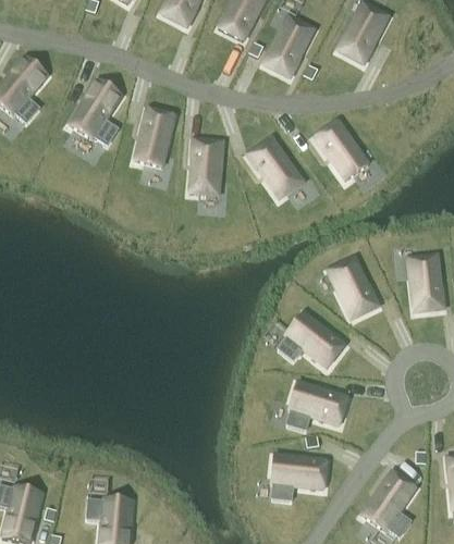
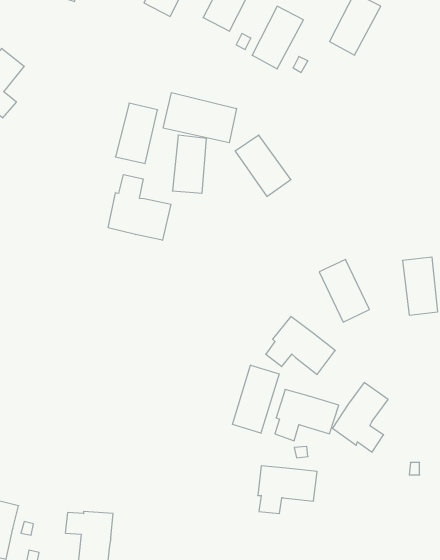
building: [70,78,122,145] -> none
building: none -> [163,93,237,143]
building: [316,120,369,180] -> none
building: none -> [108,175,171,240]
building: none -> [232,365,279,433]
building: [363,470,416,536] -> [332,382,388,452]

